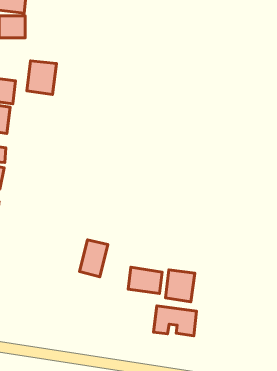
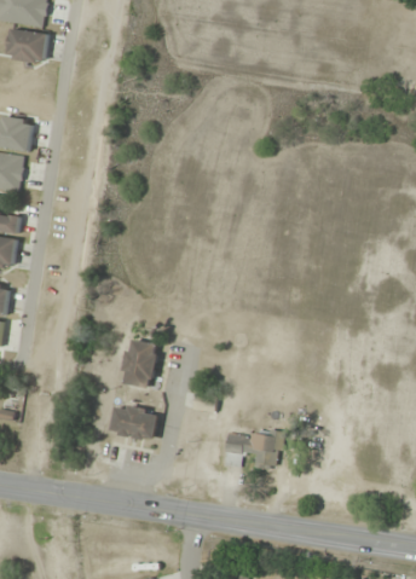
building: [27,61,56,95] -> none
building: [128,267,162,293] -> [111,404,158,440]
building: [165,270,195,302] -> none

